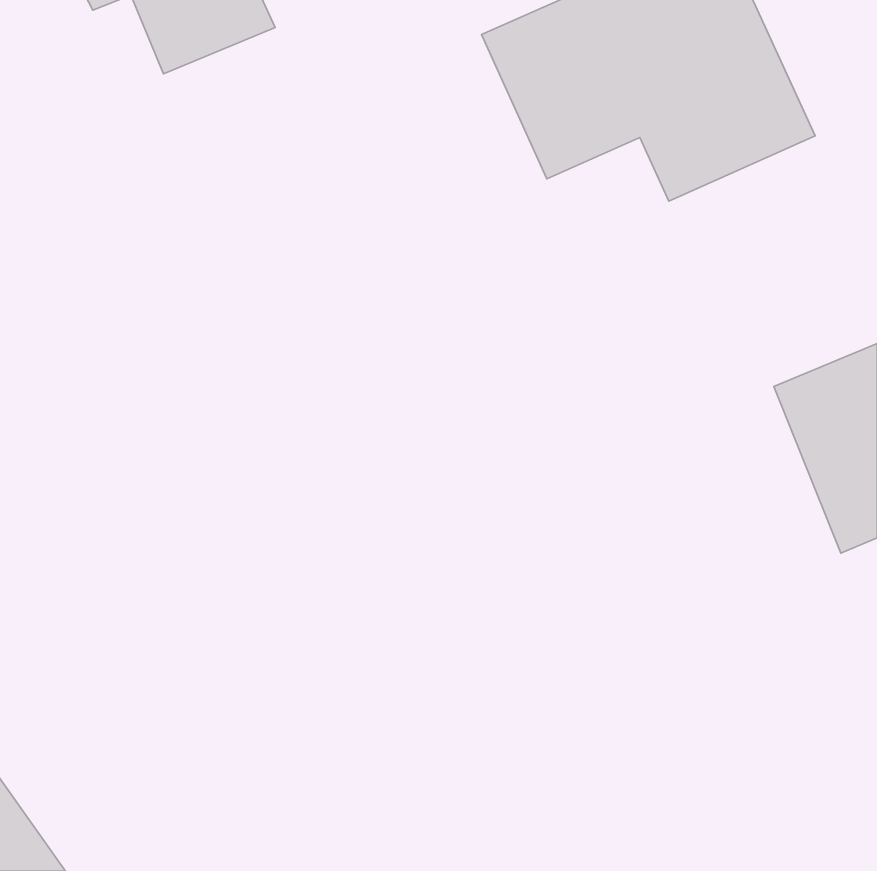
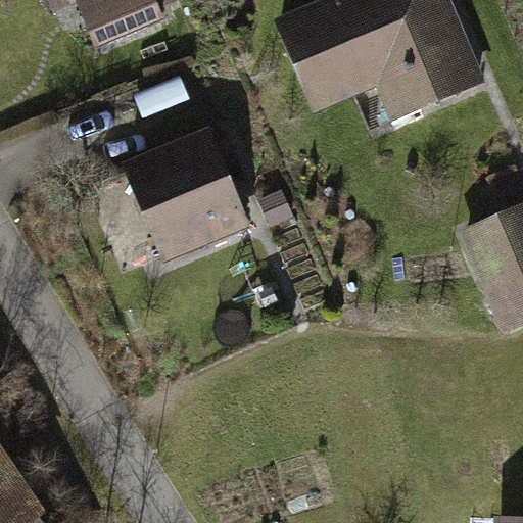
building: none -> [133,136,245,255]

